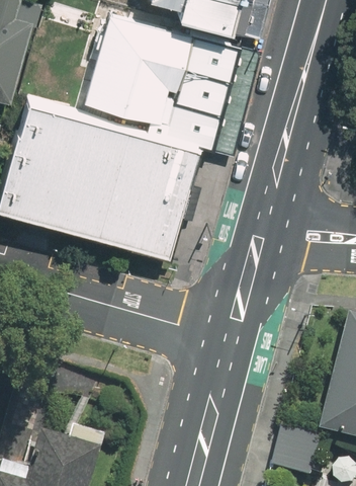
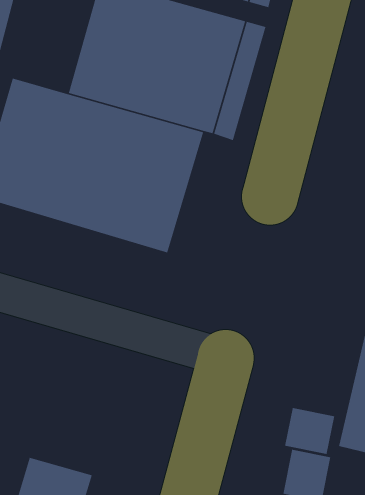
building: none -> [284,407,335,455]

